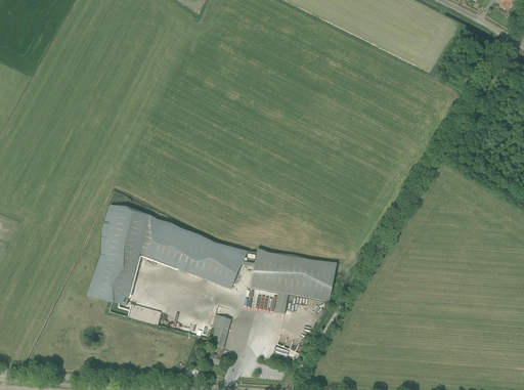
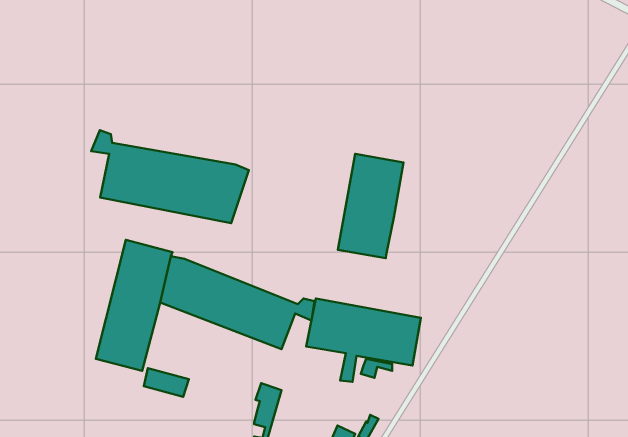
building: none -> [91,130,249,223]
building: none -> [338,154,403,258]

